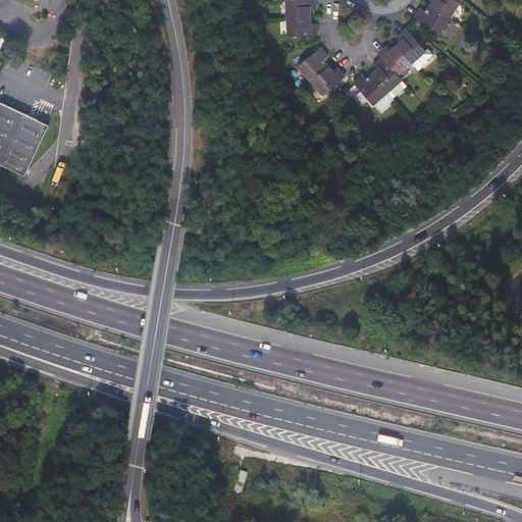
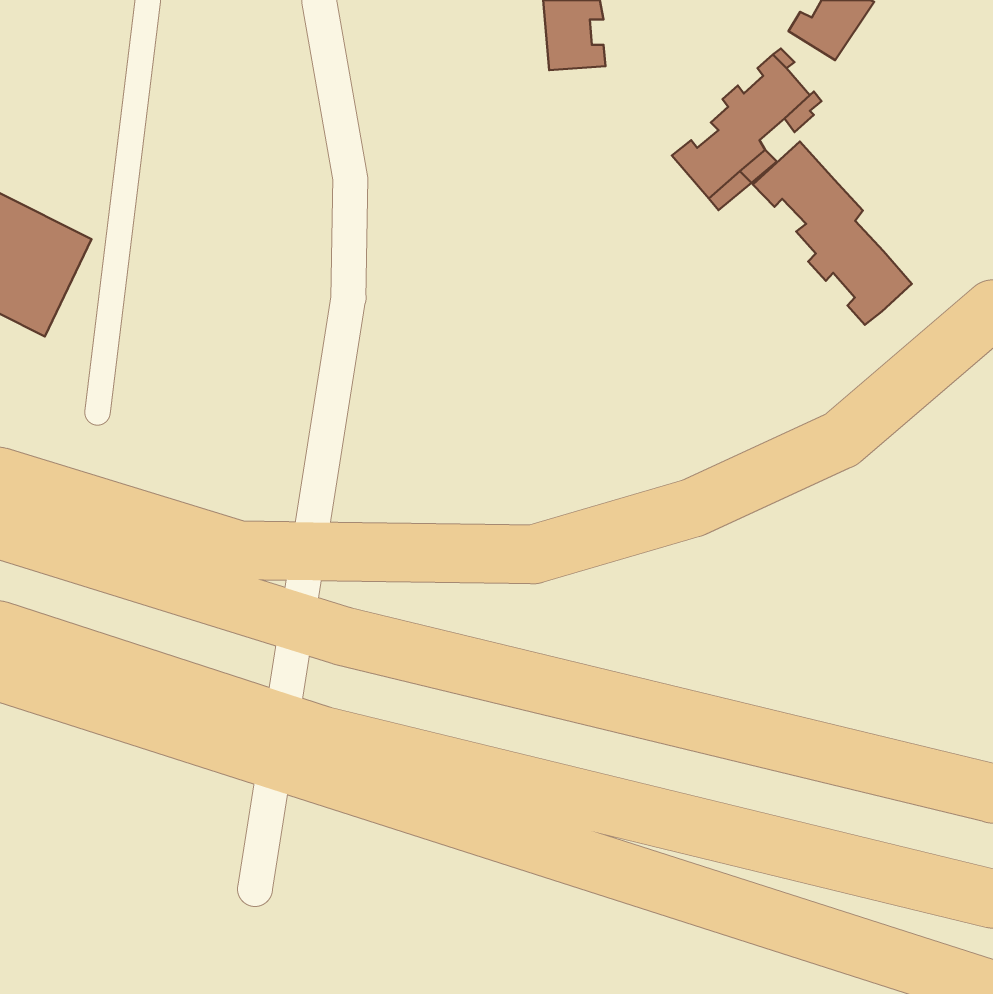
building: [299,47,345,94] -> none
building: none -> [753,141,912,325]

